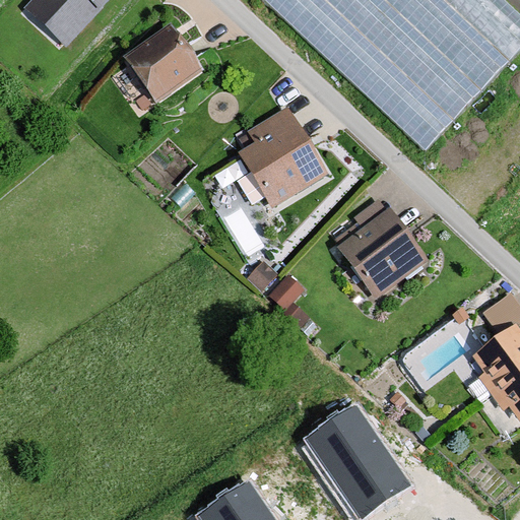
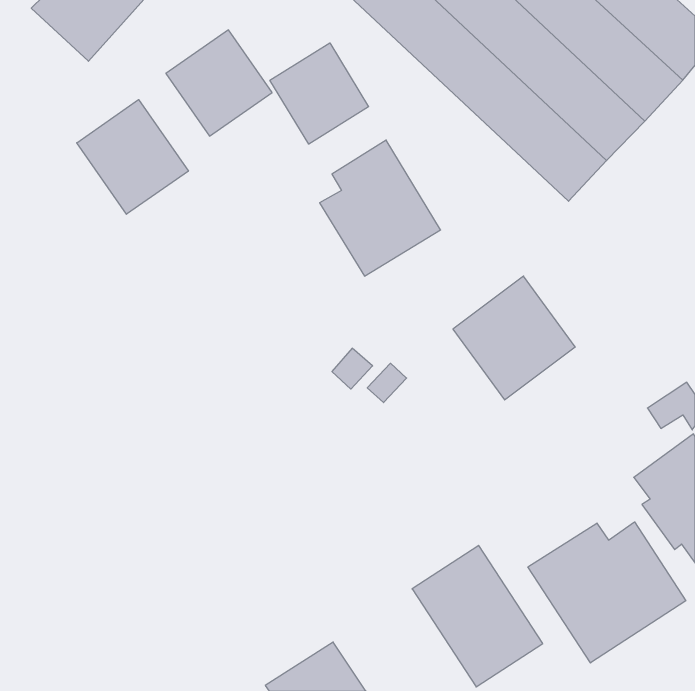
building: none -> [270,43,369,144]
building: none -> [77,100,188,214]
building: none -> [528,522,686,663]

